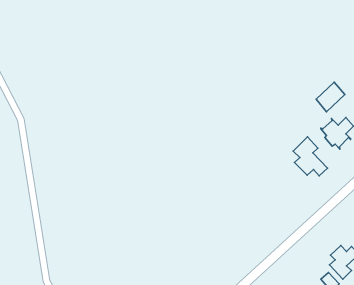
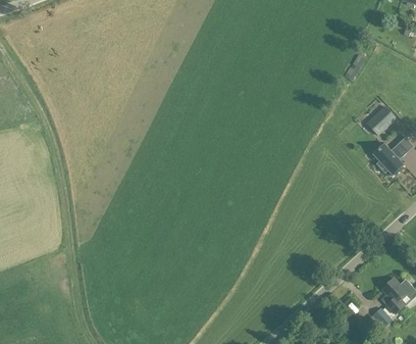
building: [293,137,328,176] -> none

